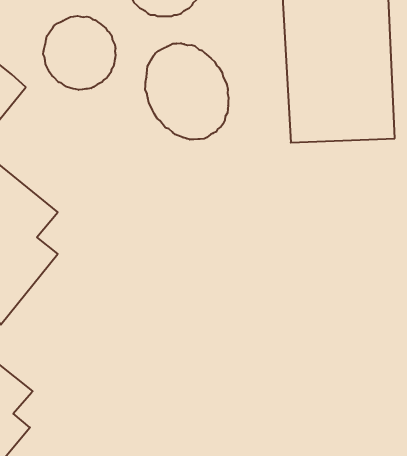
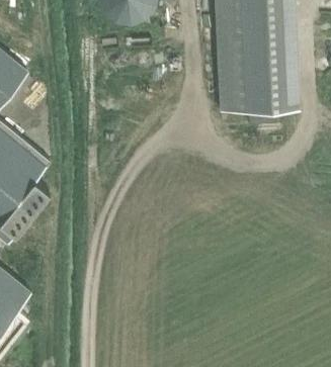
building: [43,16,116,90] -> none
building: [145,43,229,140] -> none

